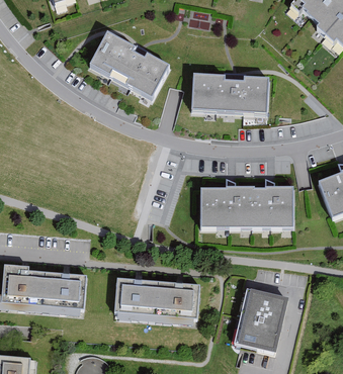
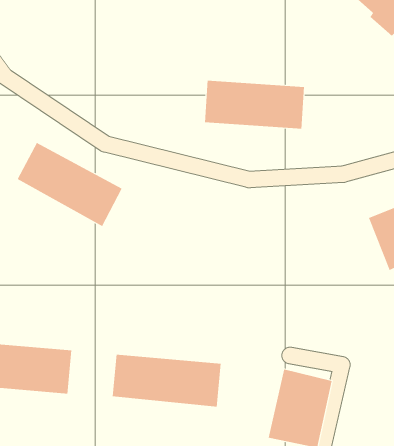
building: [84,29,165,94] -> [17,142,122,227]
building: [199,186,295,219] -> none

